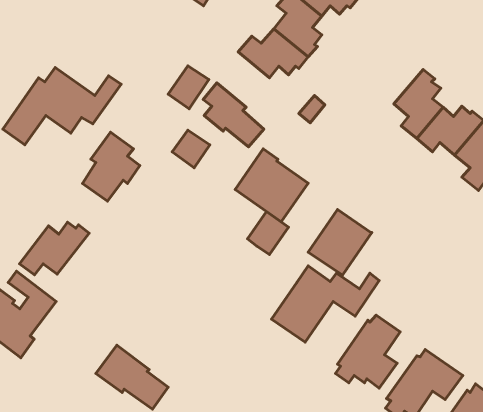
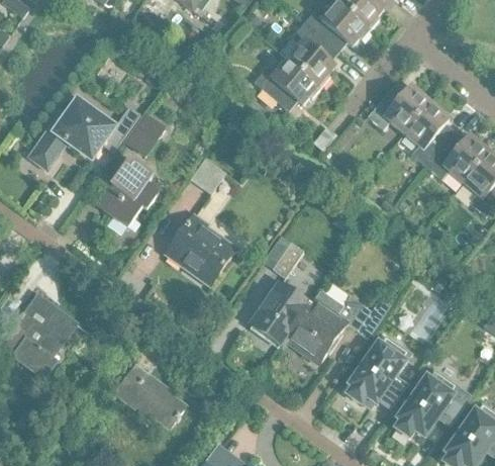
building: none -> [366,86,431,132]
building: [168,66,209,109] -> [124,114,164,156]
building: [203,83,264,147] -> none
building: [235,149,308,222] -> [165,214,235,285]
building: [308,209,372,275] -> [247,283,309,347]
building: [19,222,89,275] -> none

